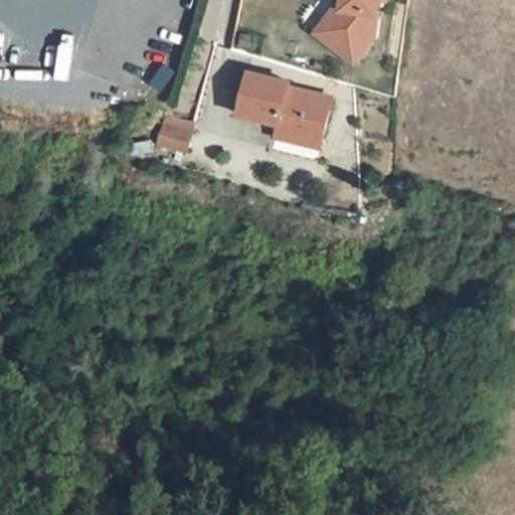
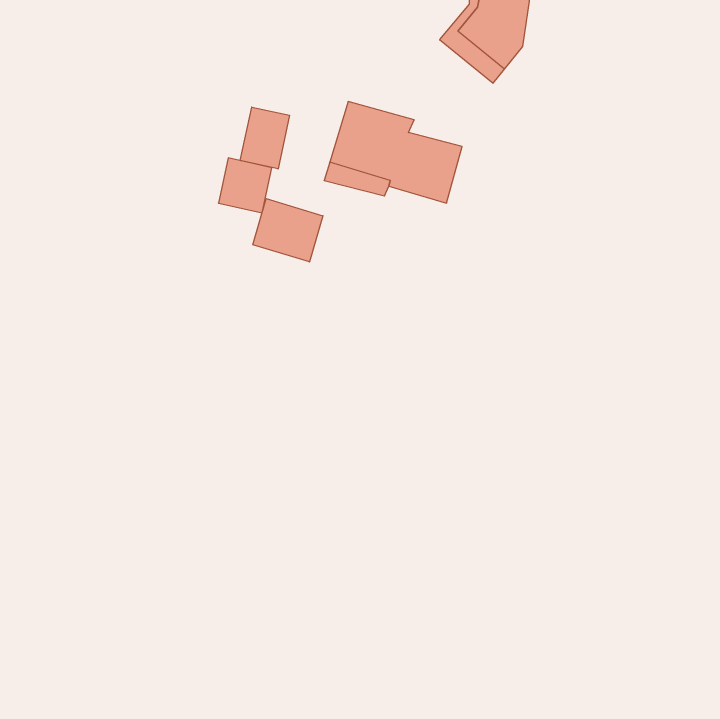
building: none -> [240,107,289,169]
building: none -> [253,199,323,262]

